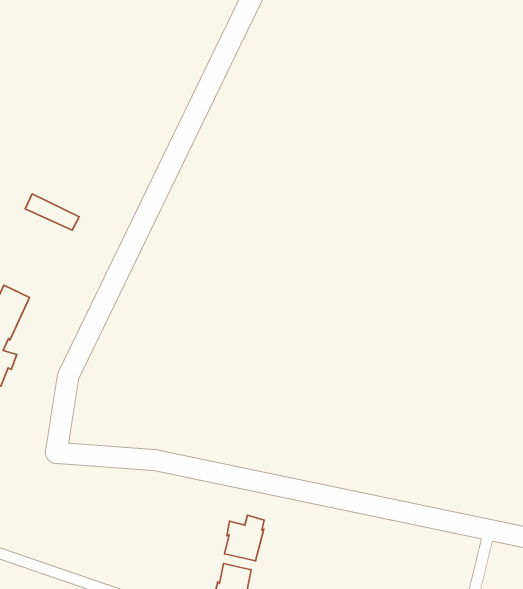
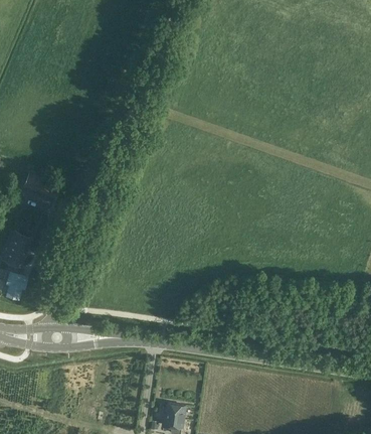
building: [225,515,264,561] -> none

